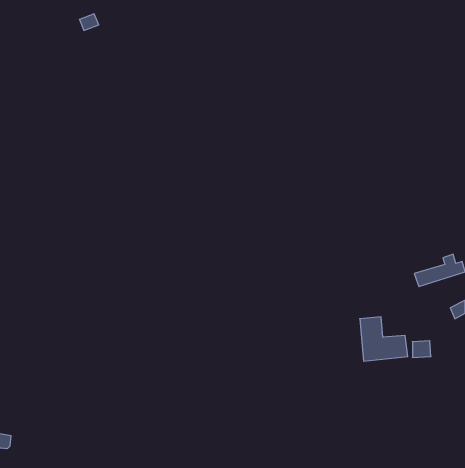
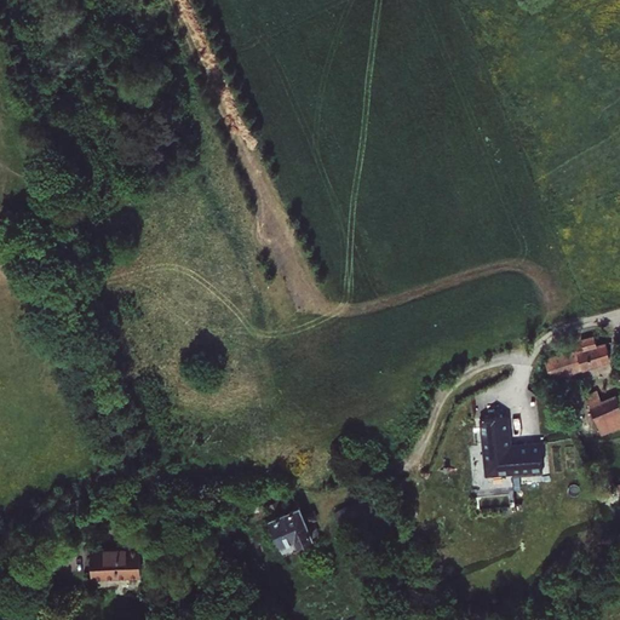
building: none -> [263,499,311,551]
building: none -> [92,546,142,579]

